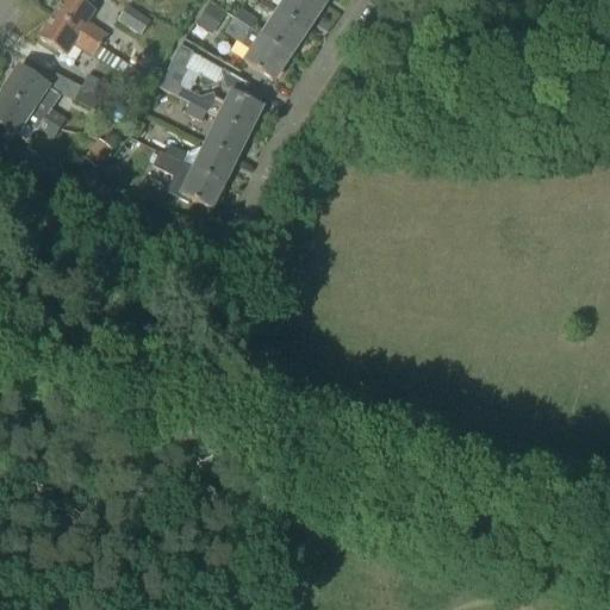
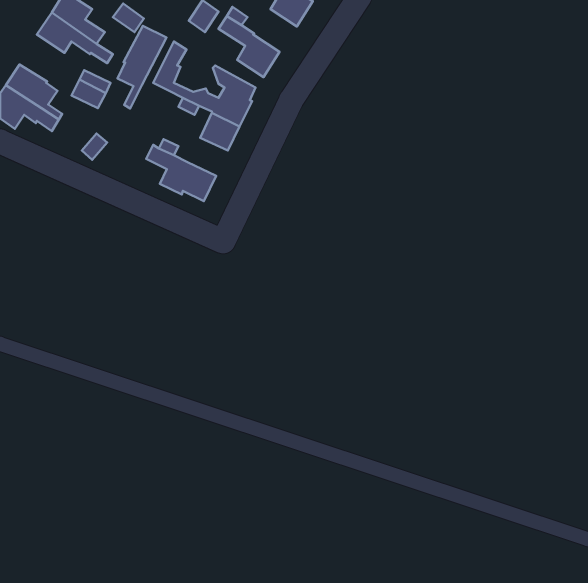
building: [262,10,307,54] -> none
building: none -> [118,26,167,108]
building: [194,143,236,182] -> none

